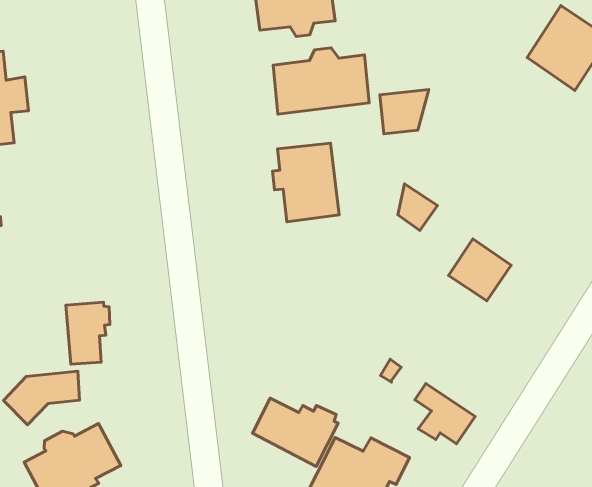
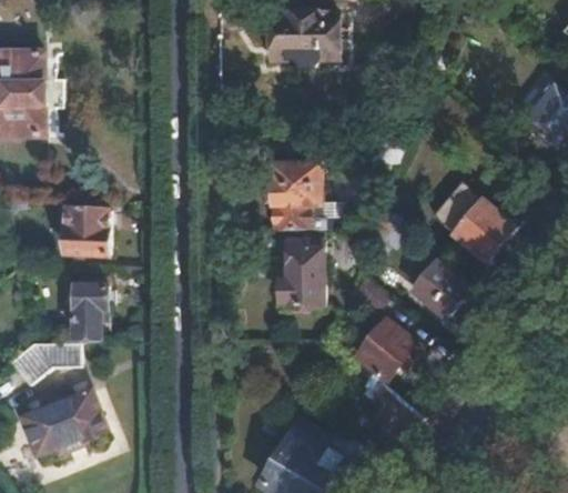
building: [273,48,369,114] -> none
building: none -> [434,187,515,264]
building: none -> [62,205,113,254]
building: none -> [283,240,325,306]
building: none -> [356,320,419,380]
building: [253,398,338,467] -> none

